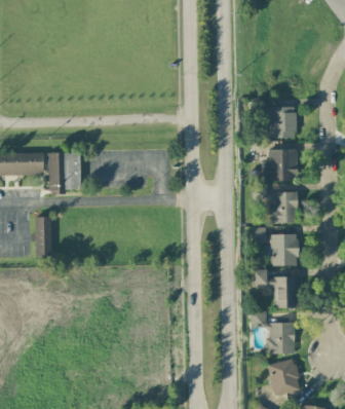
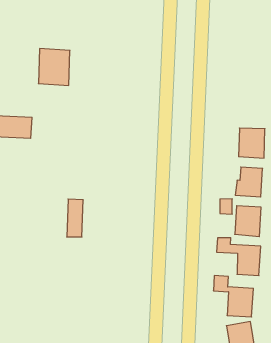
building: [268,107,296,139] -> none
building: [47,153,81,191] -> [38,49,70,85]
building: [35,217,52,258] -> [67,199,83,237]

